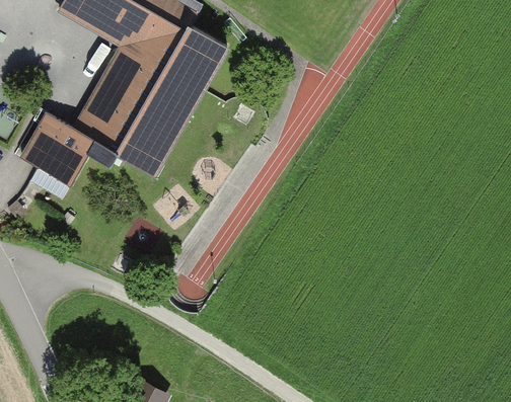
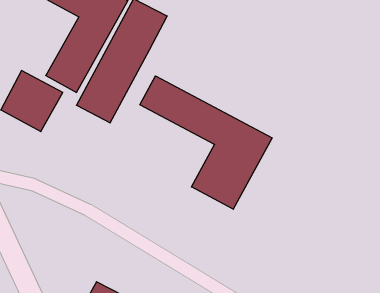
building: none -> [140,76,272,209]

